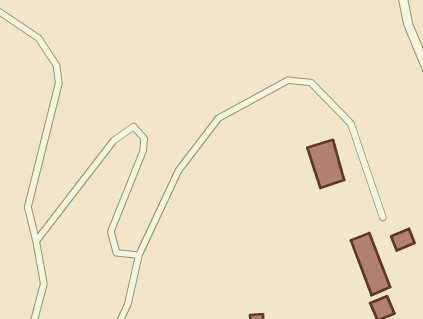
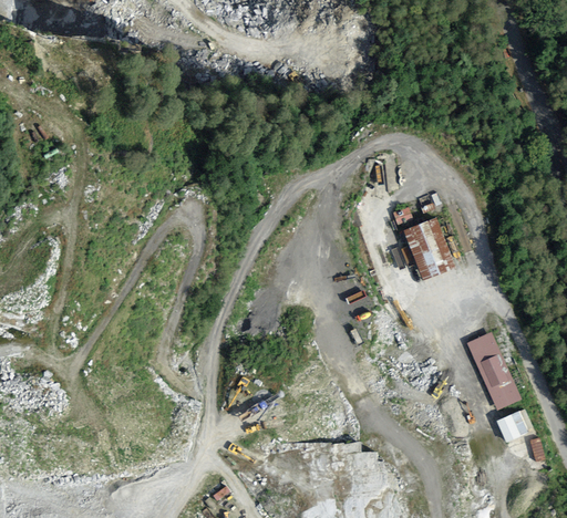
building: [391,229,415,251] -> none

